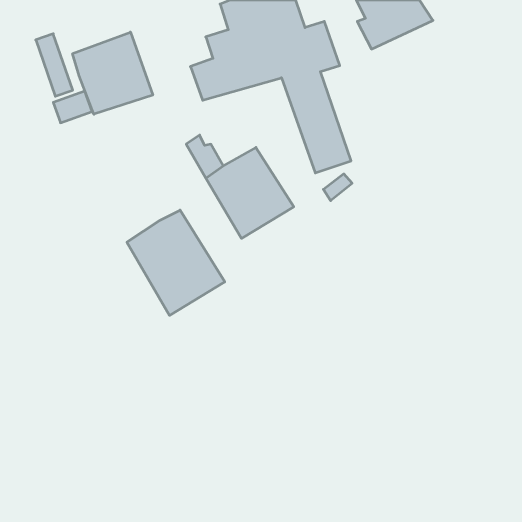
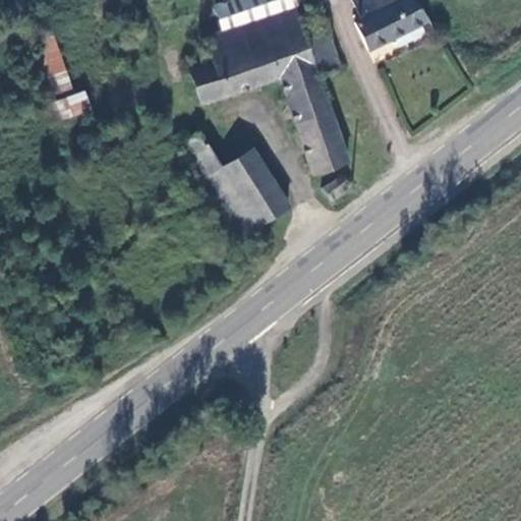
building: [73,32,153,114] -> none
building: [127,210,225,315] -> none

